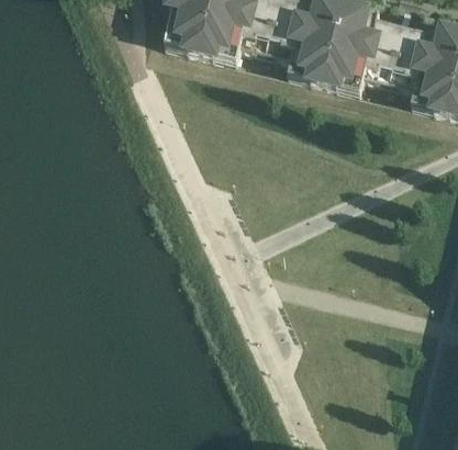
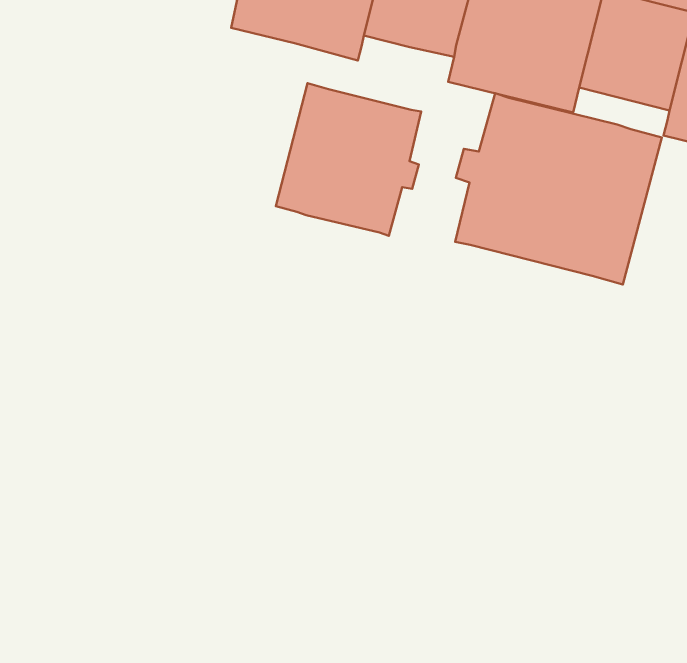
building: none -> [276,83,421,236]
building: none -> [455,93,662,284]

